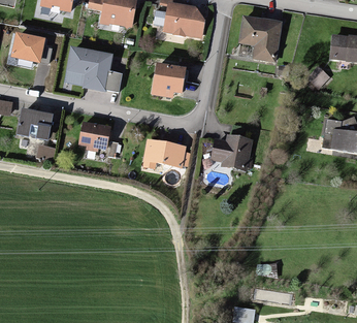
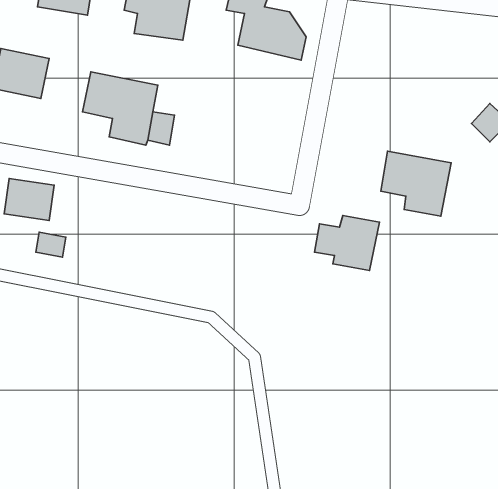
building: [238,17,282,57] -> [381,151,451,216]
building: [152,61,187,97] -> none
building: [77,122,109,151] -> none
building: [142,139,185,167] -> none

